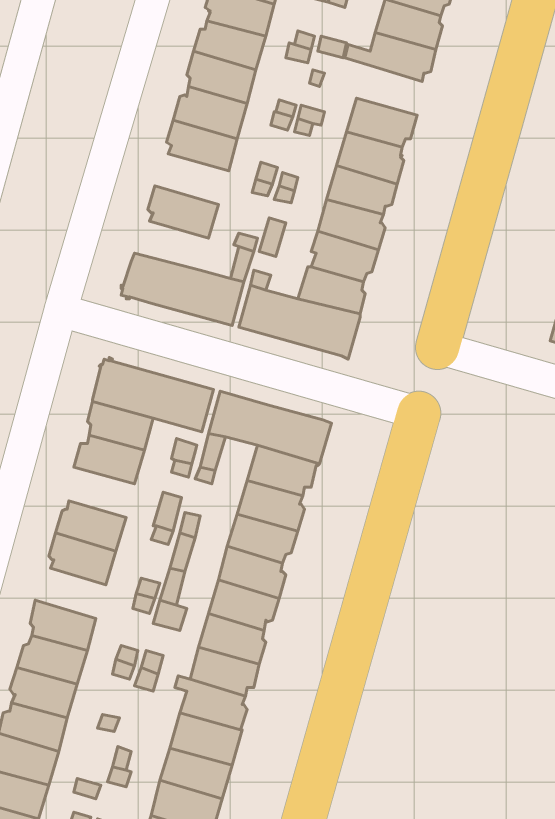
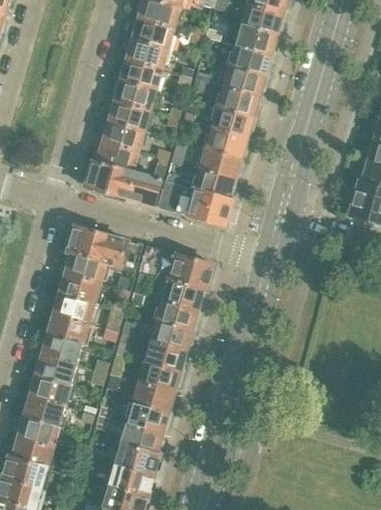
building: none -> [230,46,271,77]
building: none -> [106,100,151,131]
building: none -> [93,142,139,172]
building: none -> [52,293,93,324]
building: none -> [32,355,76,386]

